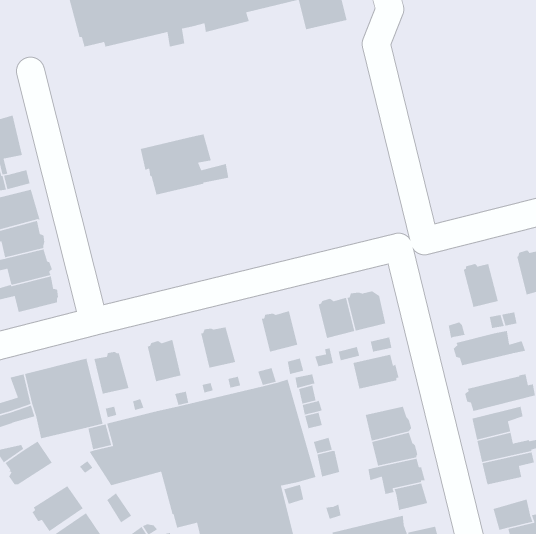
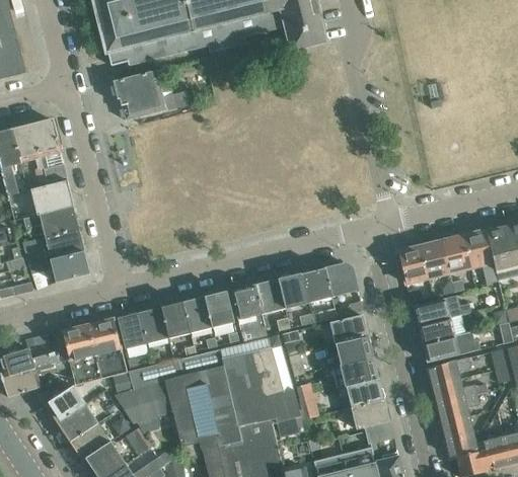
building: [140,134,229,195] -> [114,68,187,118]
building: none -> [442,233,472,271]
building: none -> [398,243,429,283]
building: none -> [279,273,309,307]
building: none -> [231,285,263,319]
building: none -> [183,297,213,332]
building: none -> [140,307,169,342]
building: none -> [419,314,466,342]
building: none -> [326,336,374,364]
building: none -> [57,403,97,440]
building: none -> [441,415,473,441]

